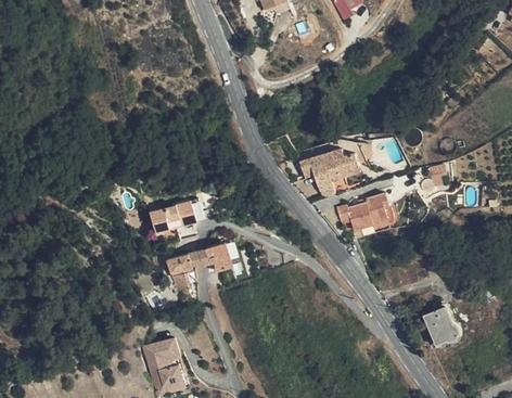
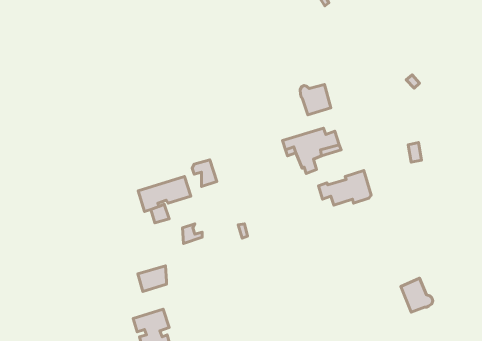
building: none -> [300,85,331,115]
building: [205,244,231,272] -> [192,160,217,187]
building: [165,253,195,280] -> [138,266,167,291]

